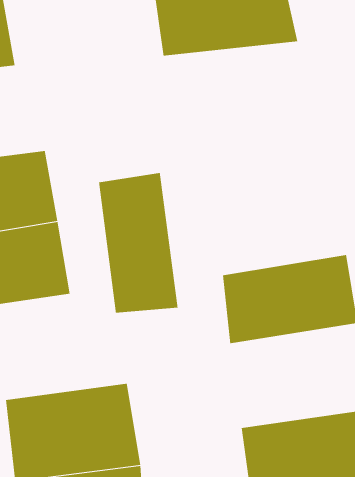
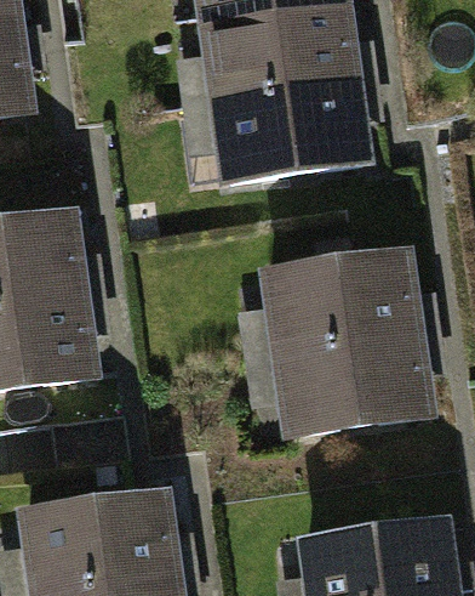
building: none -> [207,85,382,189]
building: [99,172,178,314] -> none
building: none -> [265,243,422,358]

